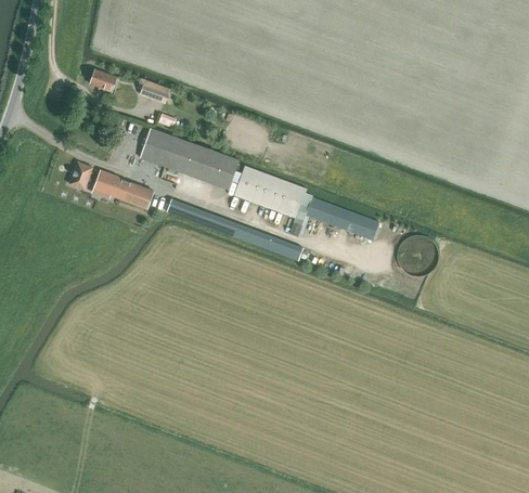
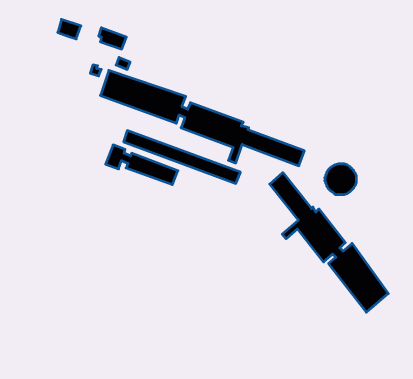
building: [69,161,154,208] -> [106,145,178,185]
building: none -> [270,173,388,312]

